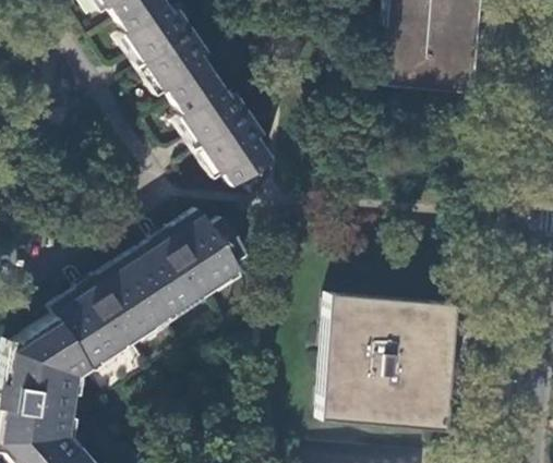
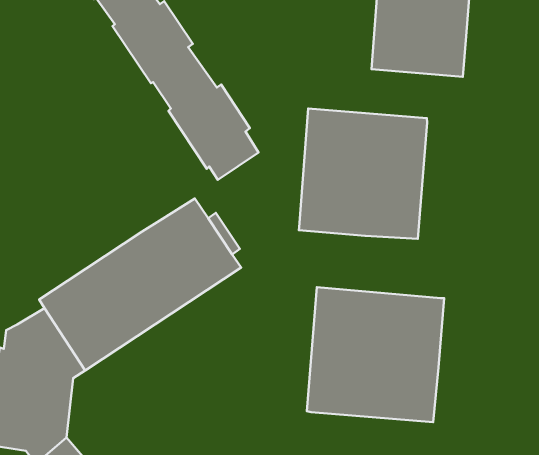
building: none -> [299,108,427,239]

